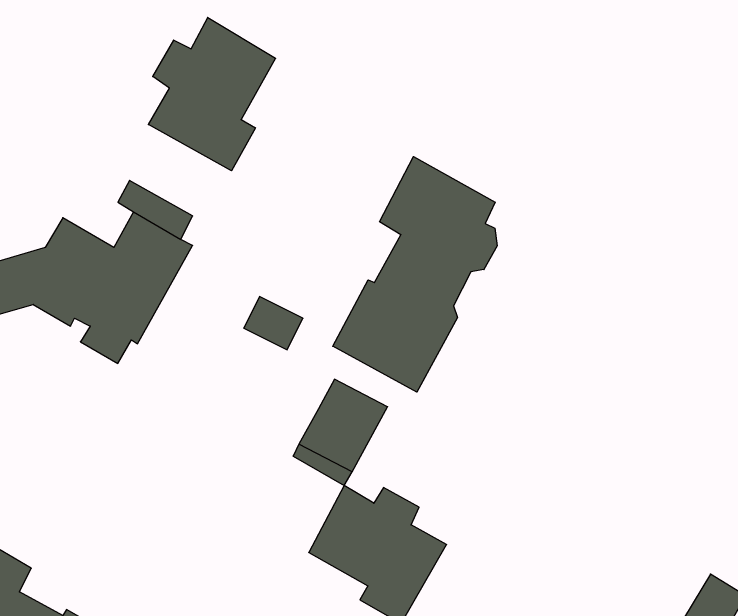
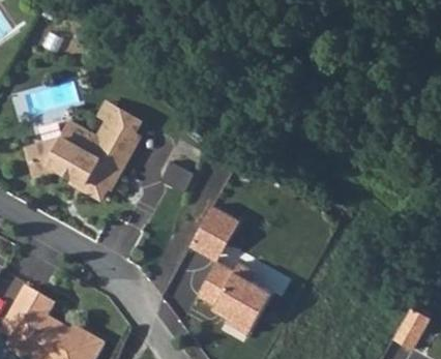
building: [148,17,276,171] -> none
building: [333,157,497,392] -> none

